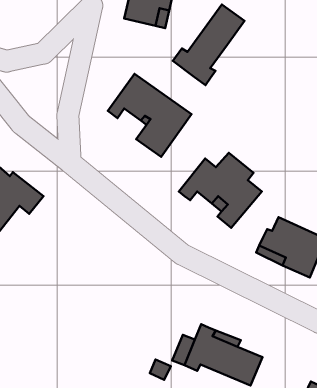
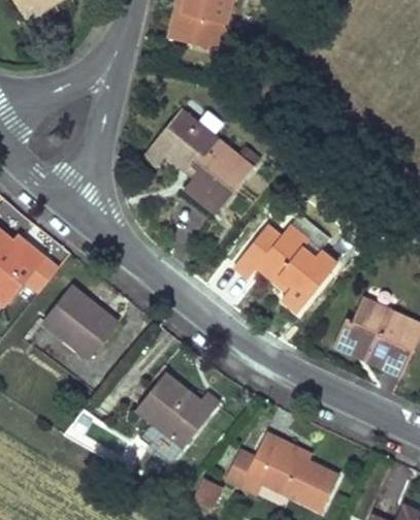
building: [173,4,245,85] -> none
building: none -> [43,285,120,358]
building: none -> [133,370,219,449]

